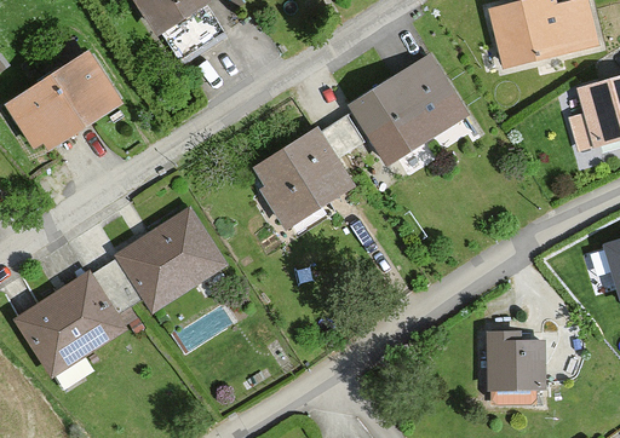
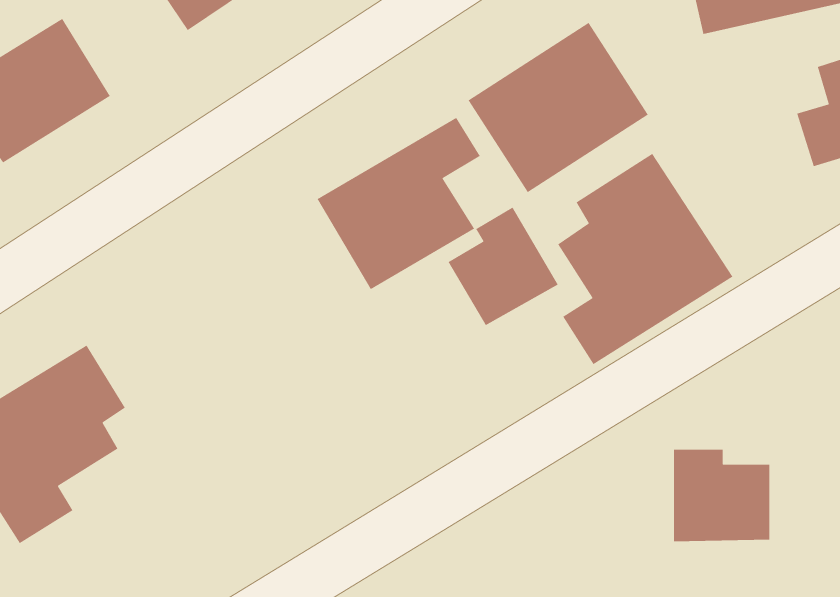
building: none -> [557,153,733,365]
building: none -> [448,207,559,326]
building: [103,208,231,316] -> none

